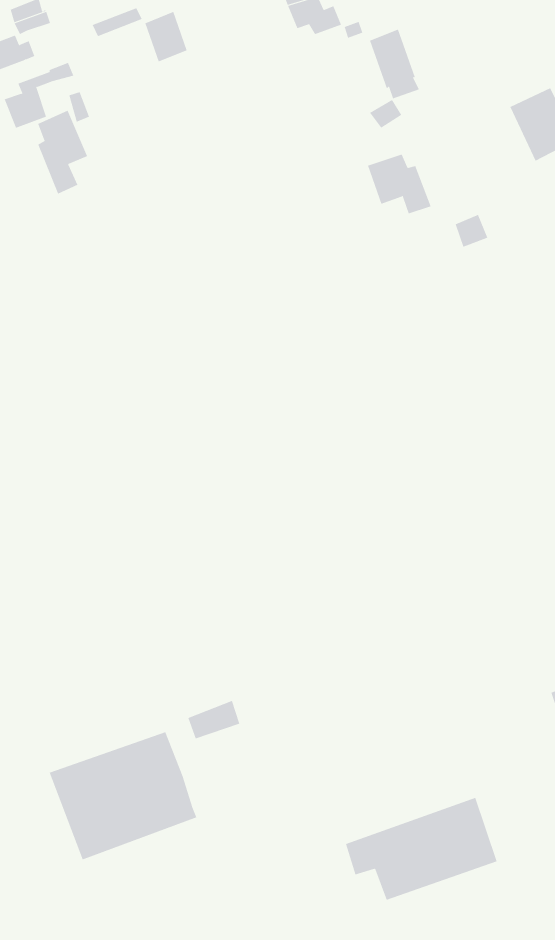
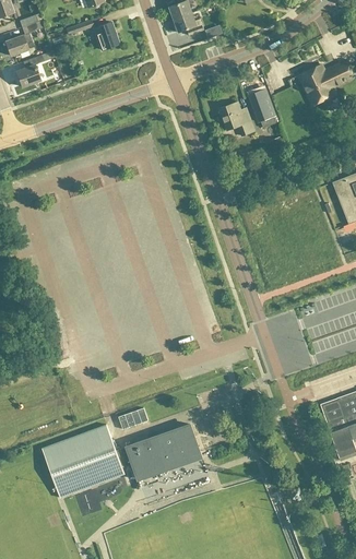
building: [369,29,420,99] -> [249,88,277,128]
building: [38,110,88,194] -> none
building: [345,797,497,901] -> [116,424,201,481]

